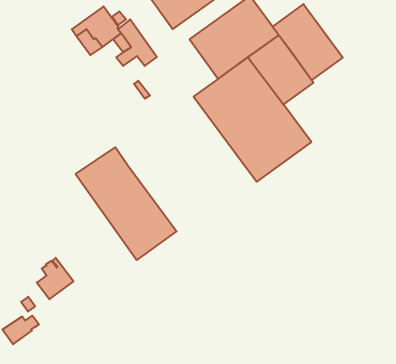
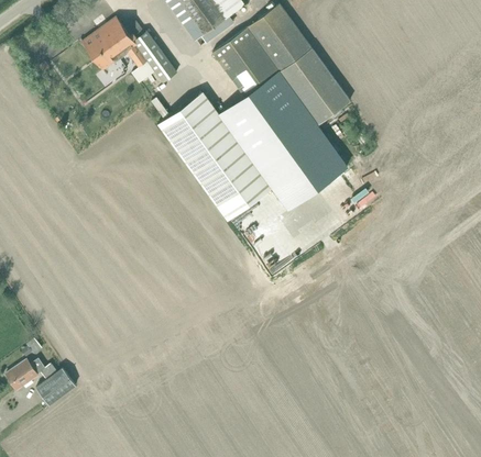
building: [273,4,343,80] -> none
building: [76,147,177,260] -> [158,96,271,221]
building: [37,258,73,299] -> [34,360,75,406]

